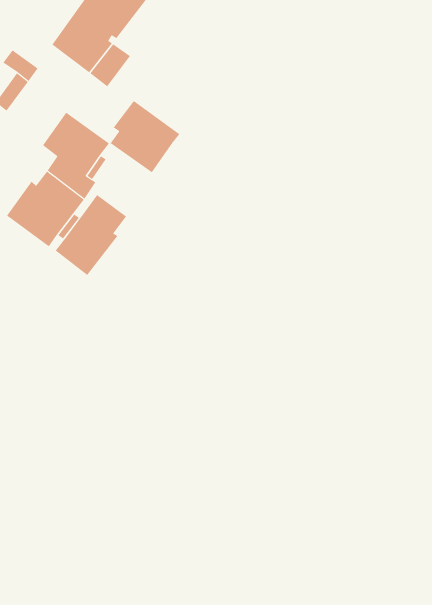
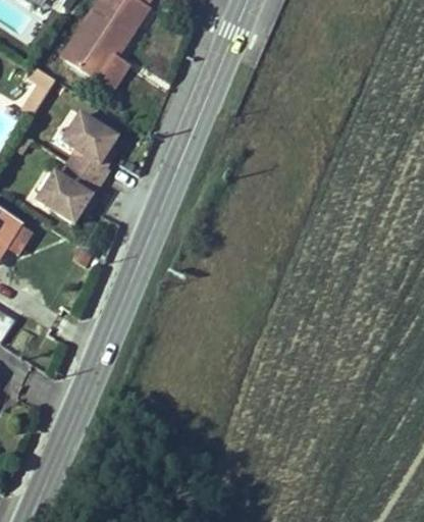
building: [110,100,180,173] -> none
building: [55,194,127,276] -> none

